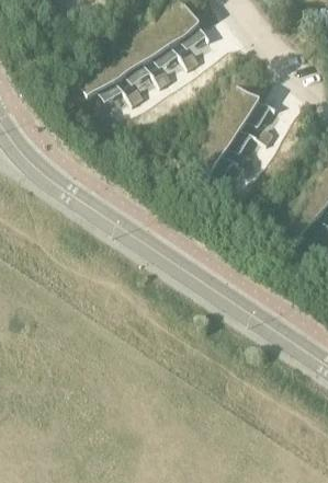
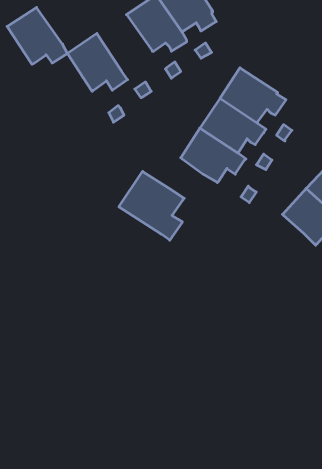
building: [108,37,163,90] -> [7,7,67,64]
building: none -> [119,171,184,240]

